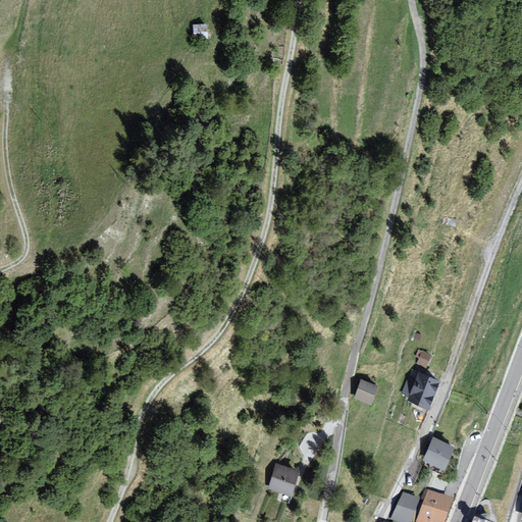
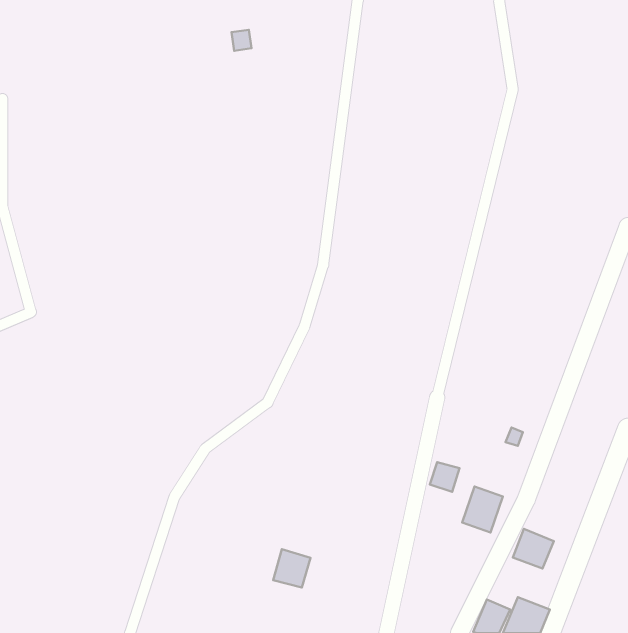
building: [408,370,441,408] -> [462,487,503,532]
building: [268,465,299,497] -> [273,549,310,588]

